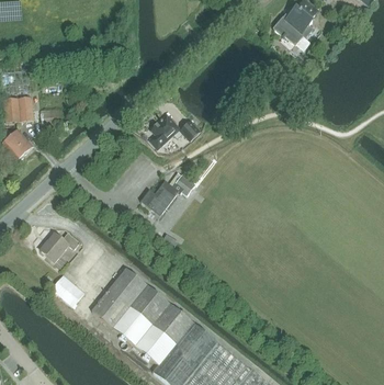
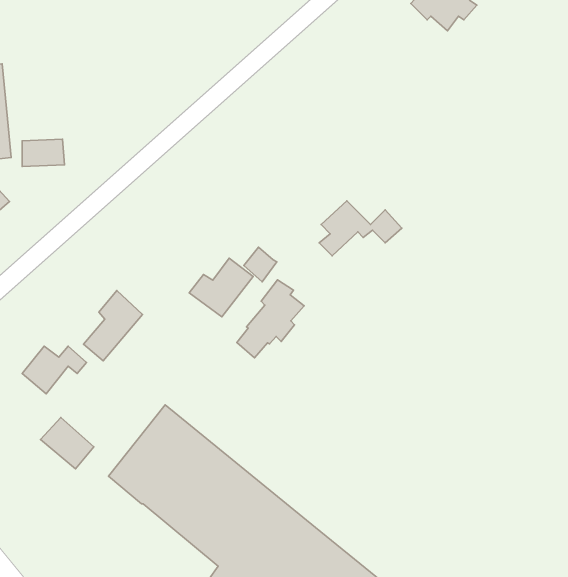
building: [150,115,200,148] -> [319,201,402,256]
building: none -> [237,280,304,358]
building: none -> [83,291,142,361]

